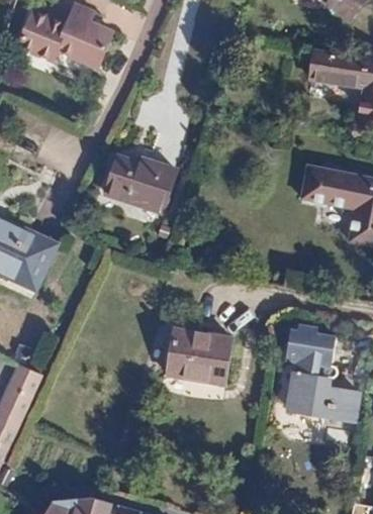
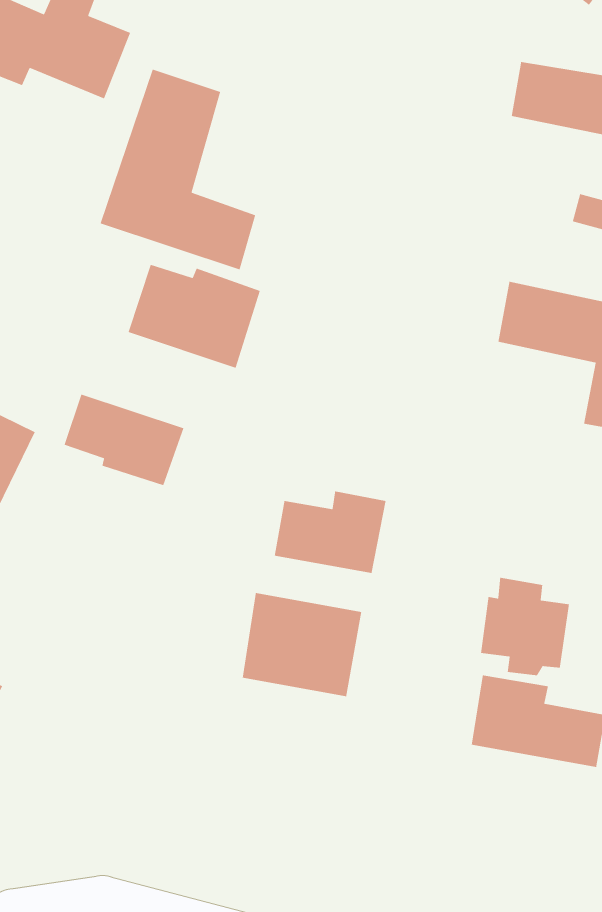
building: none -> [99,69,256,271]
building: none -> [64,393,184,486]
building: none -> [274,490,386,574]

